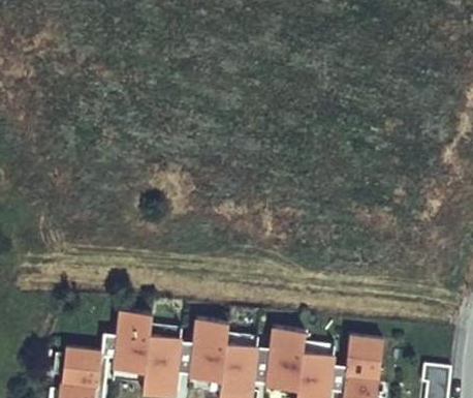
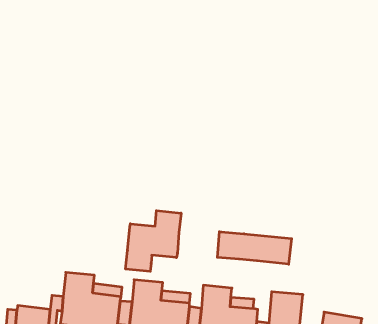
building: none -> [126,211,181,271]
building: none -> [217,232,292,264]

